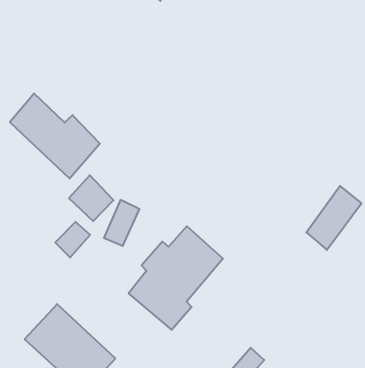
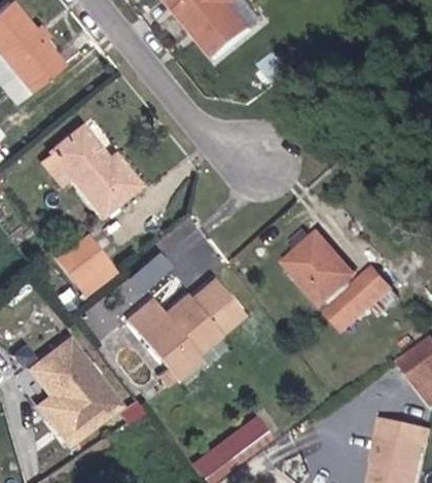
building: none -> [281,225,356,304]
building: [69,175,114,221] -> [58,233,102,279]
building: none -> [121,297,165,342]

